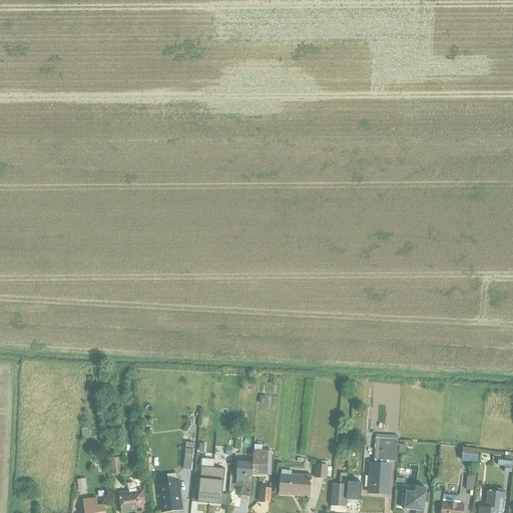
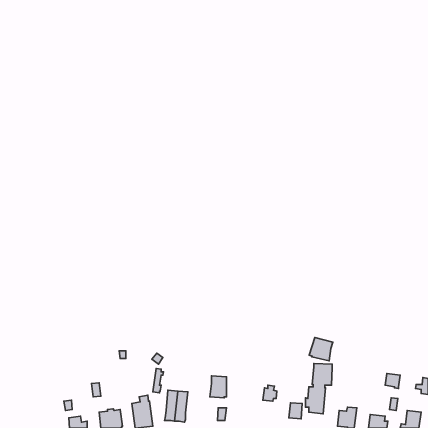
building: none -> [309,338,333,361]
building: [235,458,252,496] -> none
building: [278,469,311,495] -> none
building: [331,472,347,506] -> none

